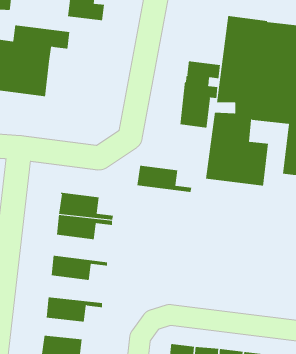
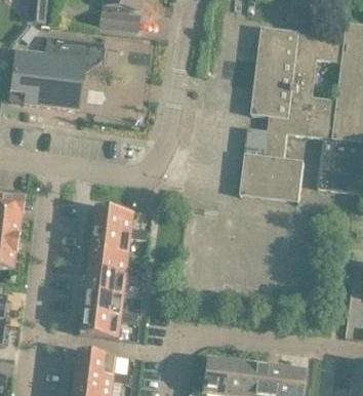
building: [180,60,220,129] -> none
building: [137,165,192,193] -> [86,248,143,276]
building: none -> [81,289,137,317]

